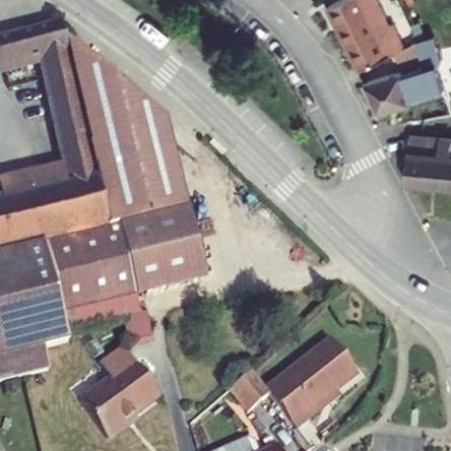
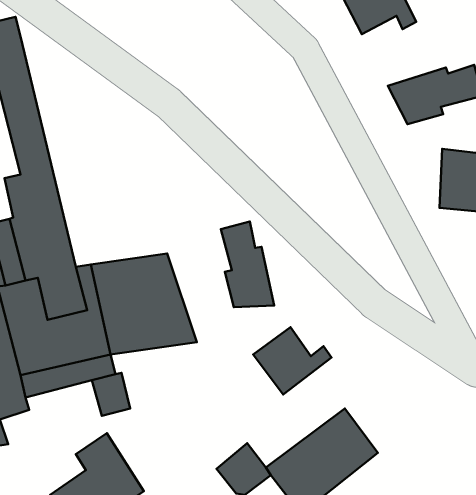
building: [343,11,416,64] -> none
building: [62,33,183,222] -> none
building: none -> [221,222,274,307]
building: none -> [253,327,331,394]

